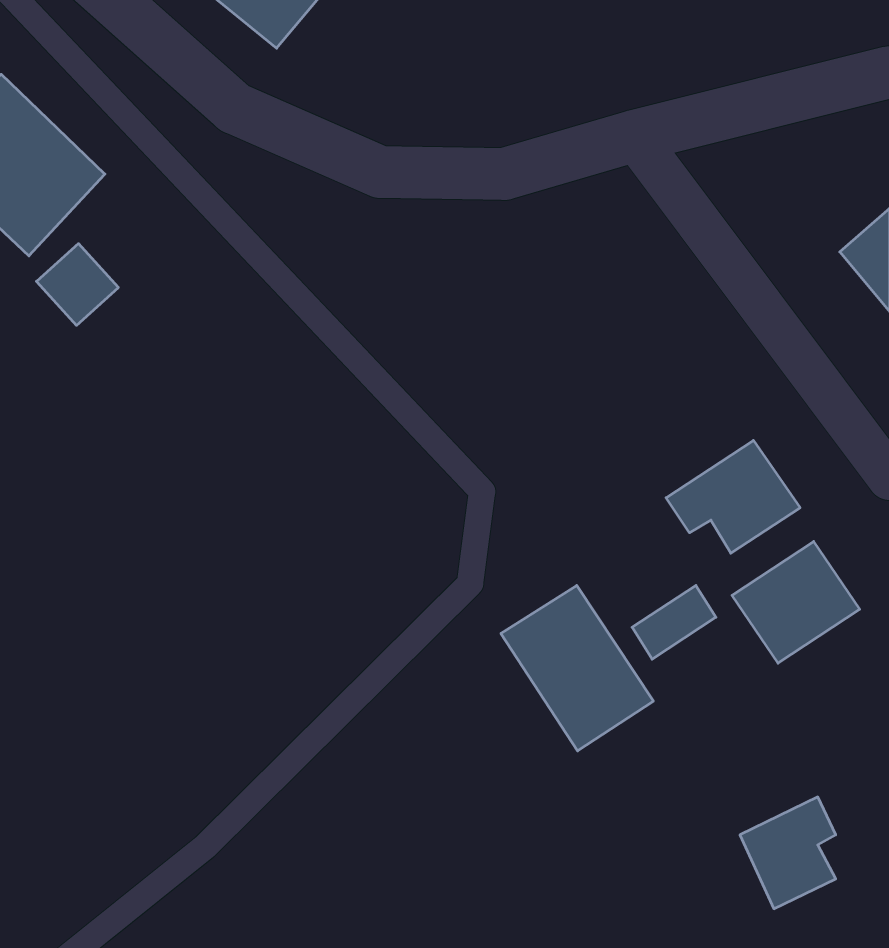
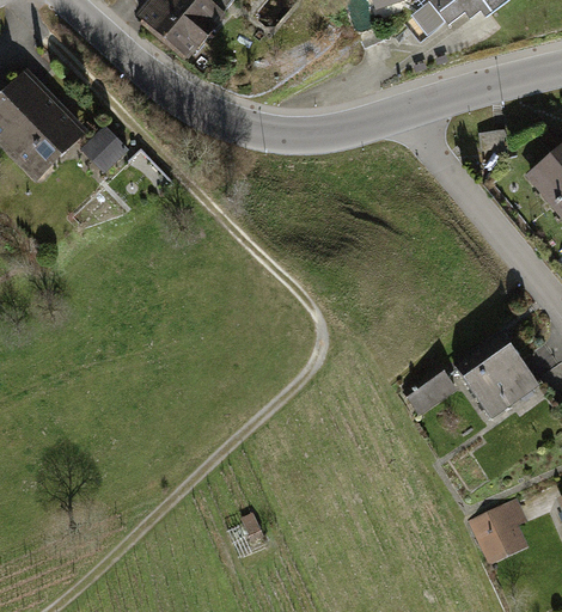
building: [36,244,118,325] -> [79,128,128,177]
building: [666,440,800,553] -> none
building: [501,585,653,751] -> none

